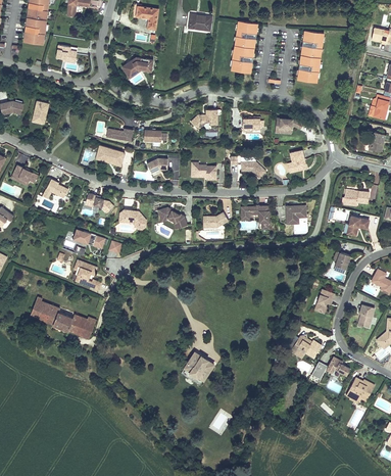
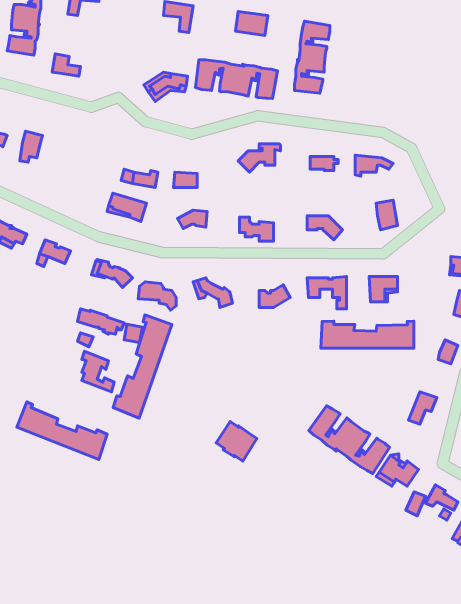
building: [297,30,323,83] -> none
building: none -> [195,60,277,98]
building: none -> [113,315,172,418]
building: none -> [321,321,414,348]
building: none -> [309,406,389,473]
building: [184,351,213,380] -> [216,422,257,461]

